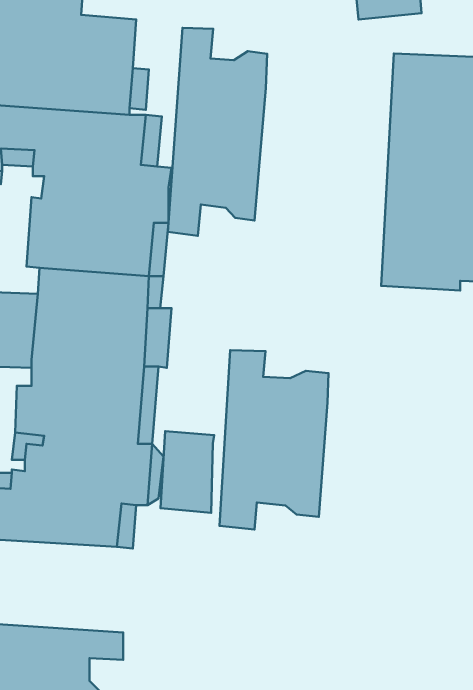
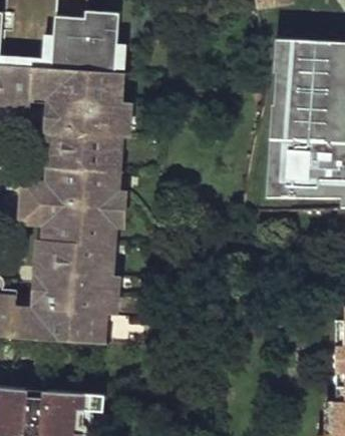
building: [168,28,267,236] -> none
building: [220,350,328,529] -> none
building: [160,431,214,513] -> none

